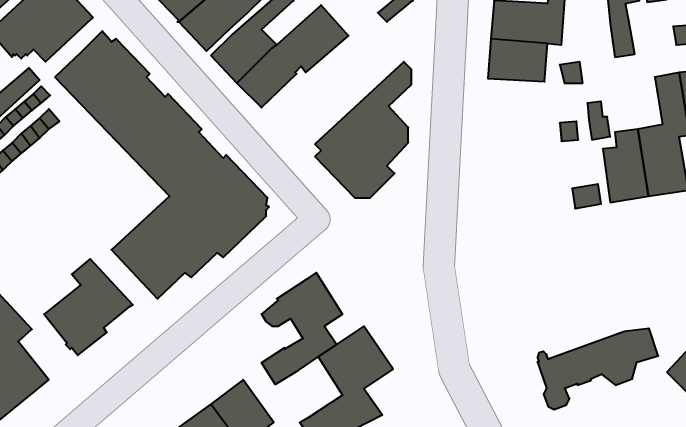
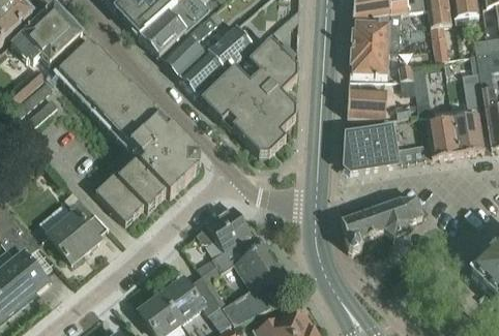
building: none -> [201,37,296,121]
building: none -> [347,86,386,117]
building: none -> [344,125,397,171]
building: [537,328,658,409] -> [341,196,422,251]

